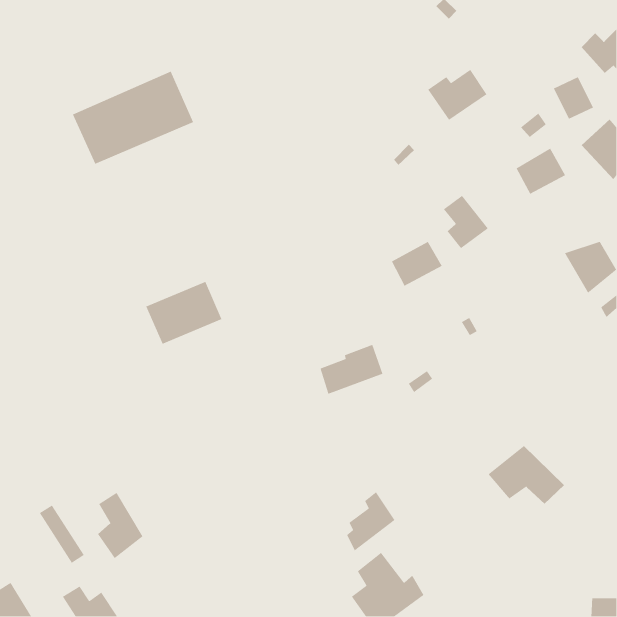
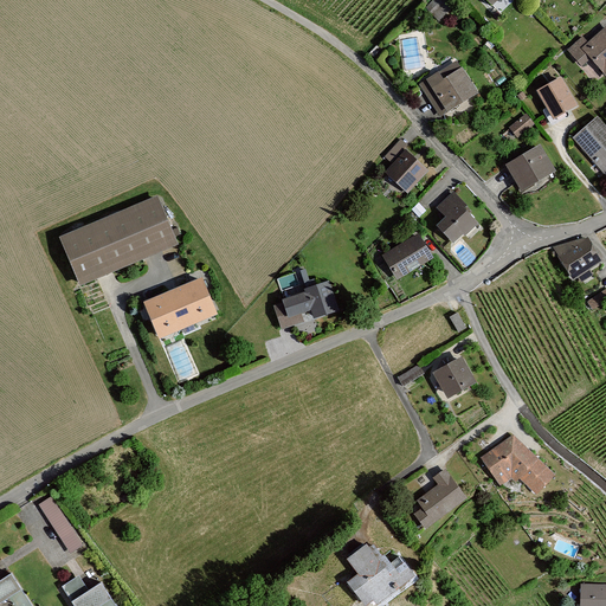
building: [72,71,194,165] -> [59,193,179,285]
building: none -> [386,150,426,192]
building: [319,344,384,395] -> [275,279,337,329]
building: none -> [434,359,478,401]
building: [346,491,396,552] -> [415,470,464,529]
building: [97,492,143,559] -> none

